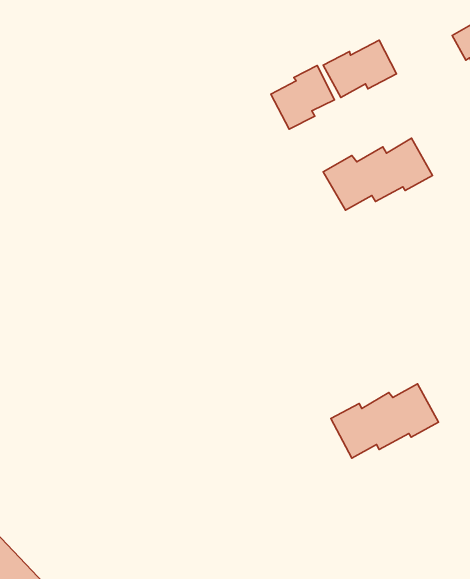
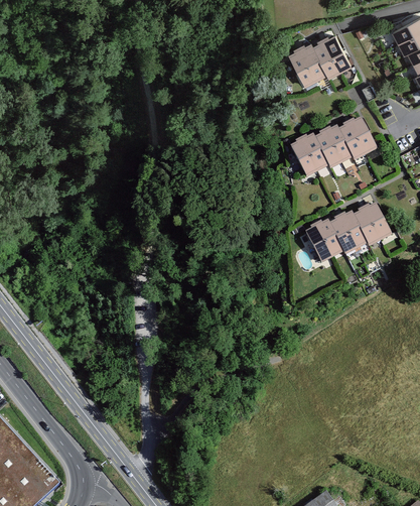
building: [271,65,335,129] -> none
building: [331,384,439,458] -> [302,203,390,263]

